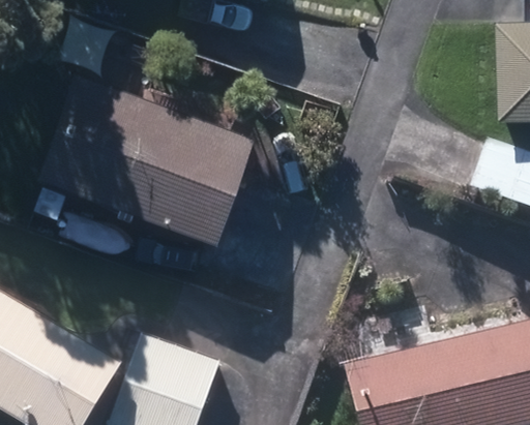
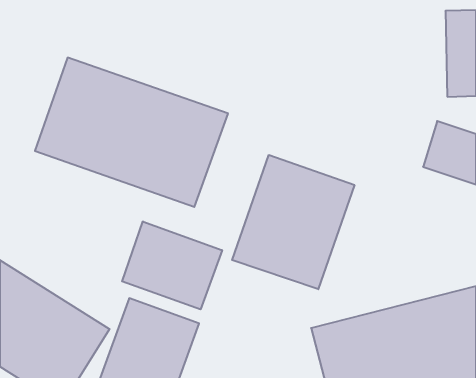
building: none -> [232,155,354,289]
building: none -> [122,221,222,309]

